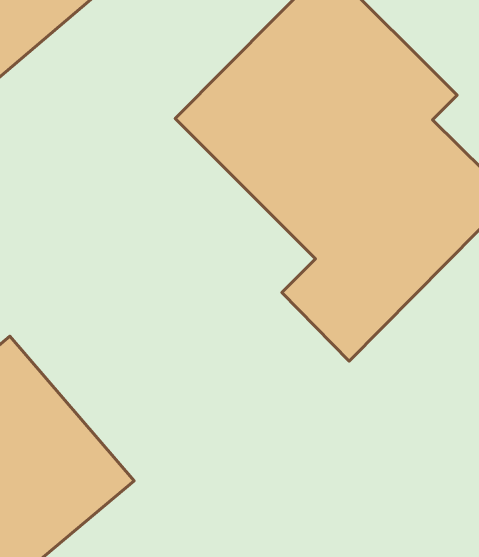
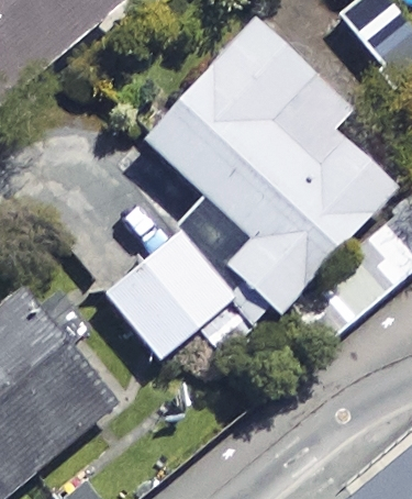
building: none -> [107,232,234,358]

